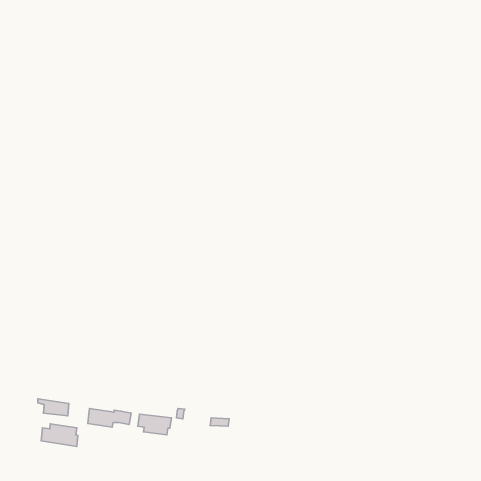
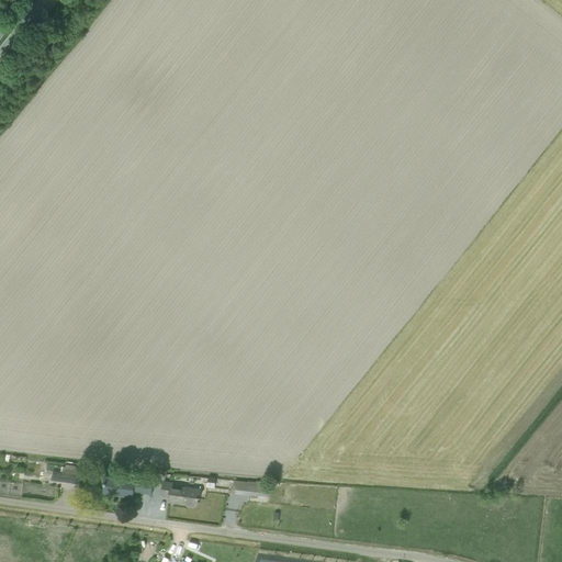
building: [41,424,78,446] -> none

